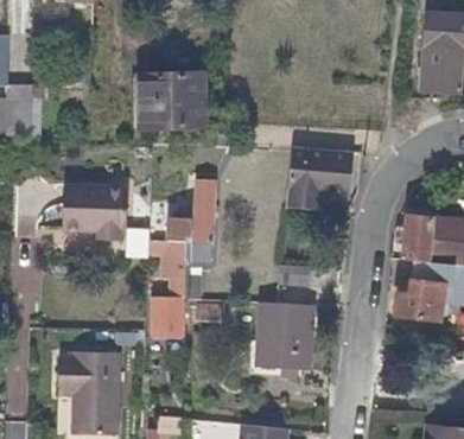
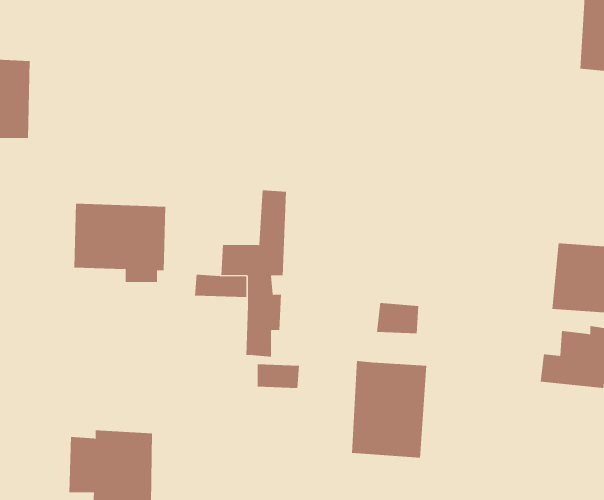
building: [139,65,202,127] -> none
building: [286,149,351,214] -> none
building: [151,298,183,335] -> none

